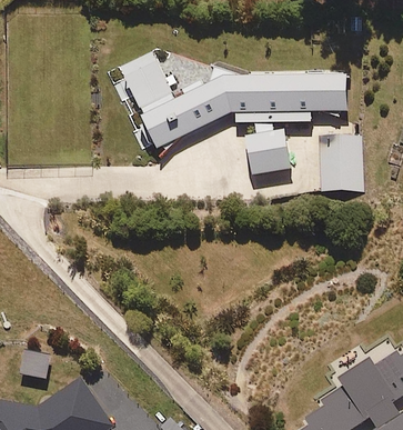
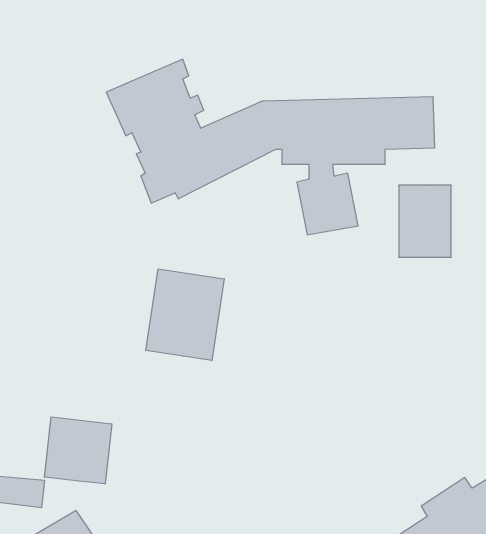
building: none -> [146,269,224,361]
building: none -> [44,417,112,484]

